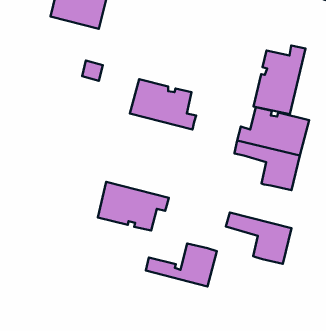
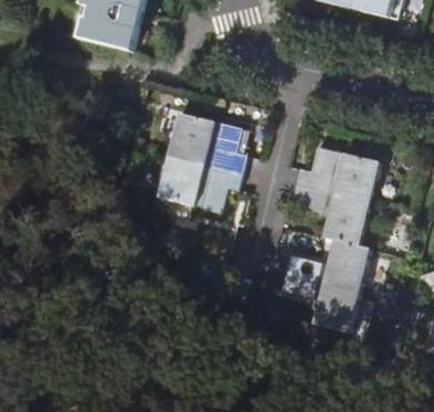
building: [253,46,306,114] -> none
building: [98,182,169,230] -> [158,154,242,211]
building: [146,244,217,286] -> [286,239,370,289]

